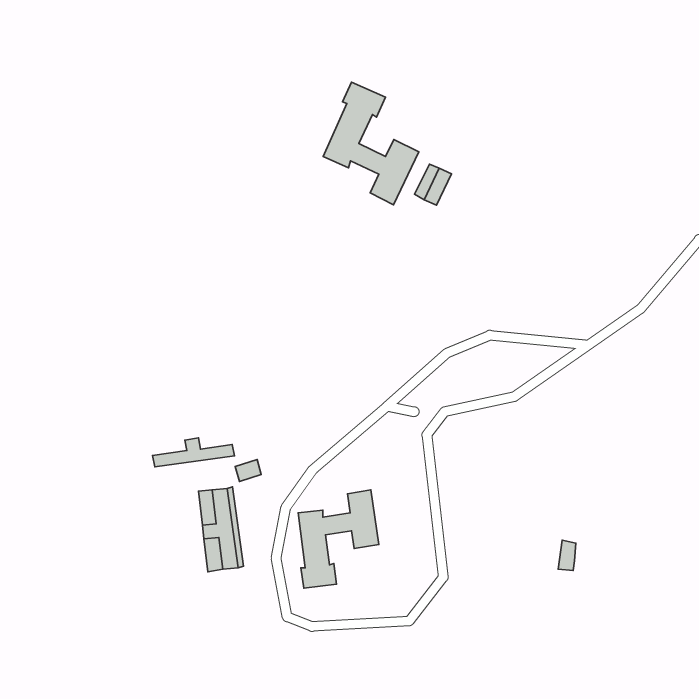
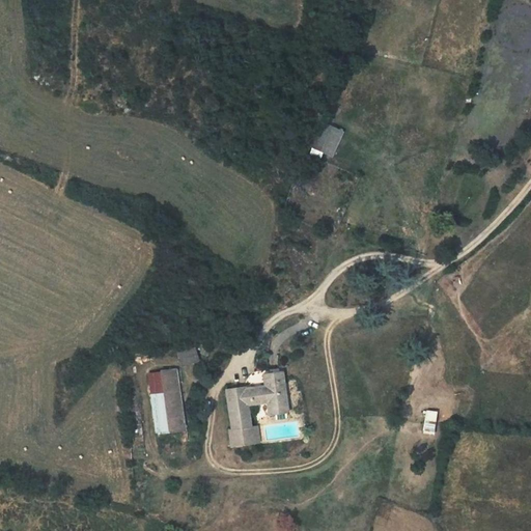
building: [323,82,419,205] -> none
building: [152,438,235,467] -> none

